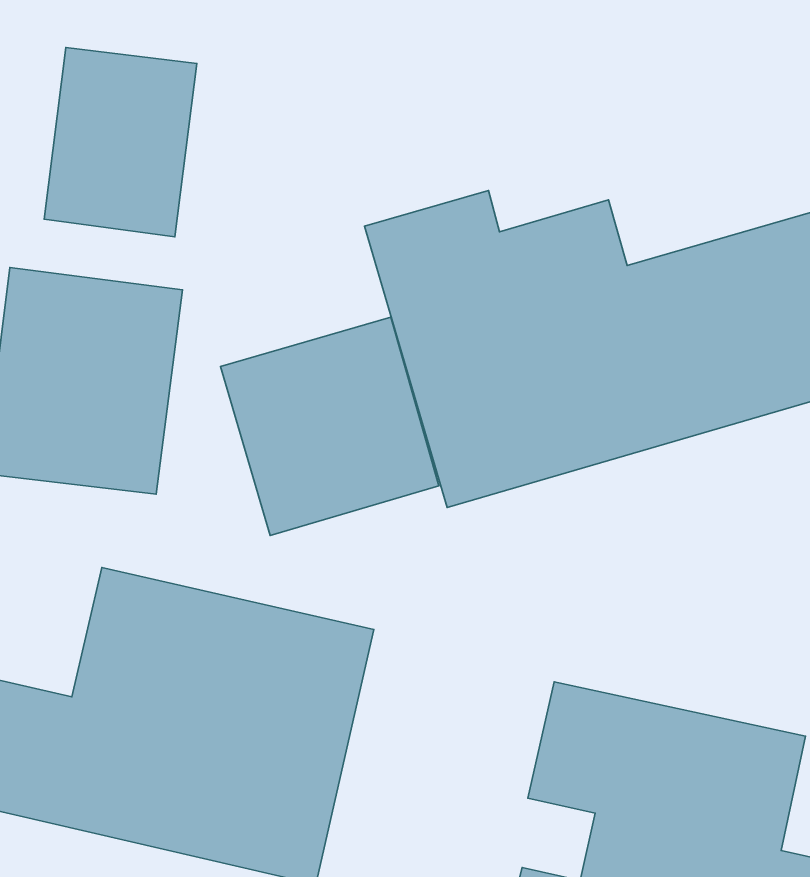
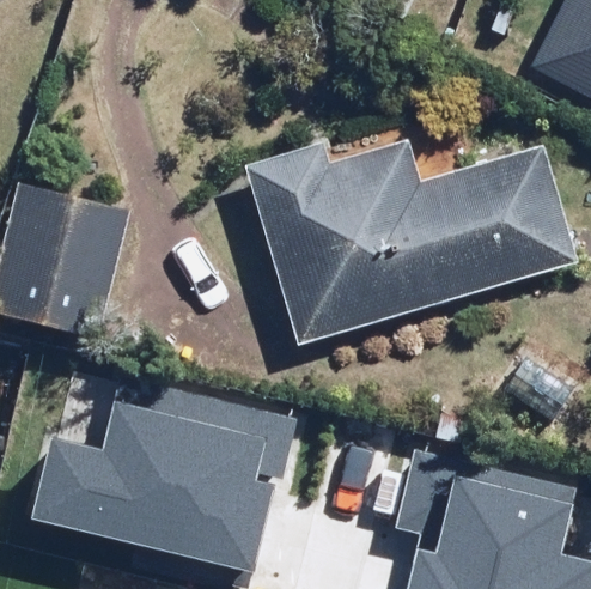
building: [44,47,197,237] -> none
building: [220,317,439,535] -> none

